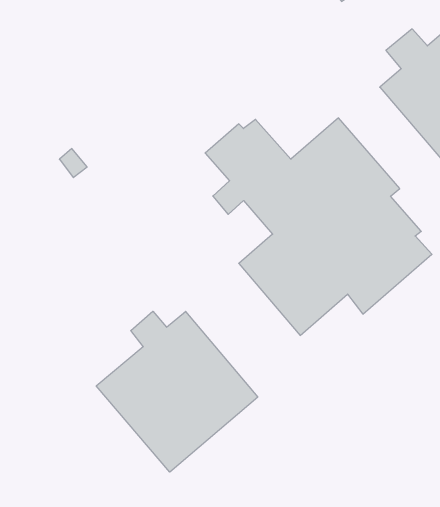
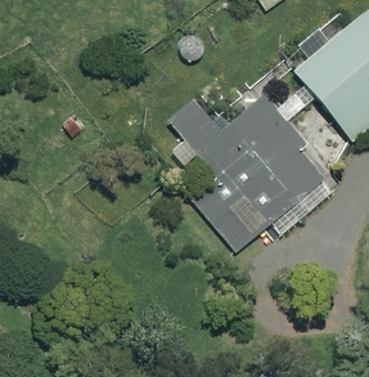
building: [96,311,258,472] -> none

